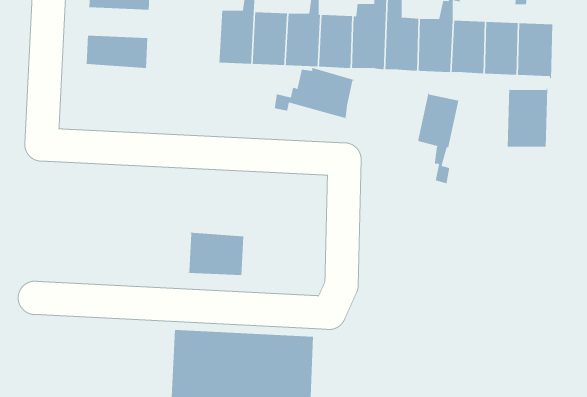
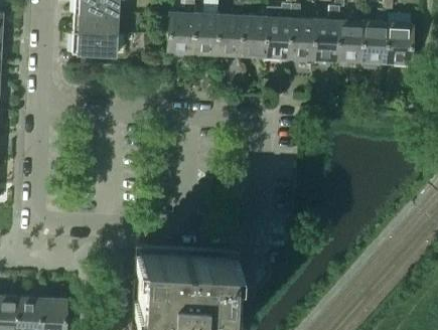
building: none -> [72,12,118,34]
building: [274,67,354,119] -> none
building: [507,88,548,147] -> none
building: [417,92,459,184] -> none
building: [187,232,244,276] -> none

